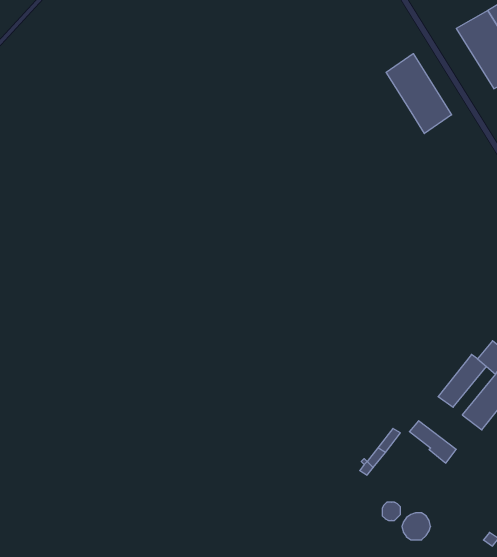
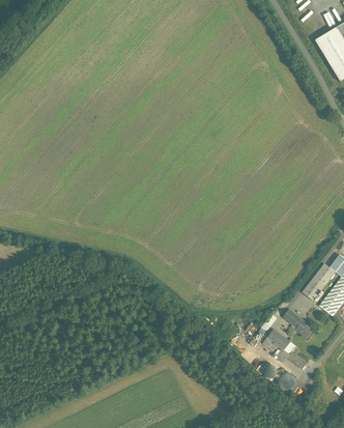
building: [386,54,452,134] -> none
building: none -> [262,329,295,360]

